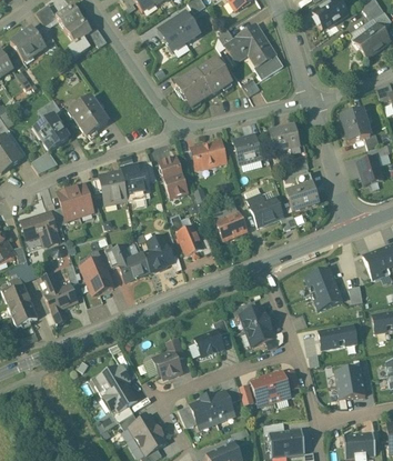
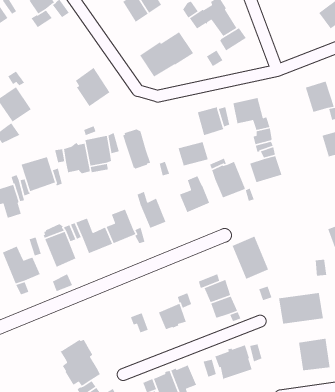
building: [72,94,108,134] -> [75,67,110,107]
building: [193,140,224,166] -> [178,141,209,167]
building: [305,265,343,310] -> [231,235,269,280]
building: [152,351,181,379] -> none

